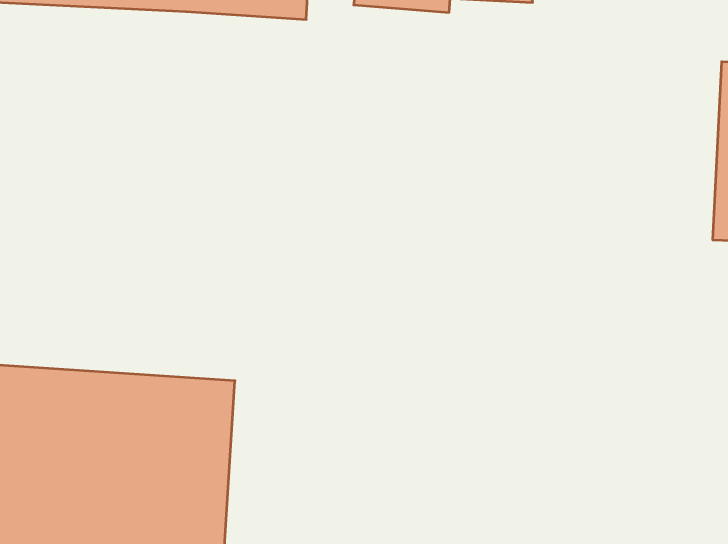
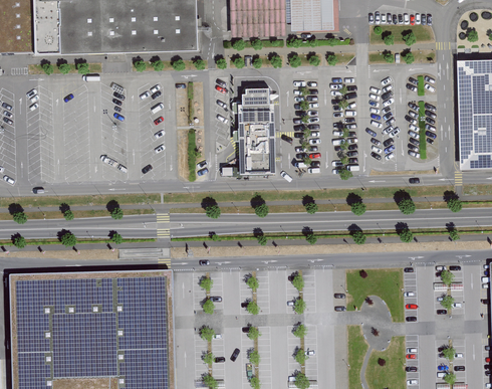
building: none -> [236,94,275,172]

